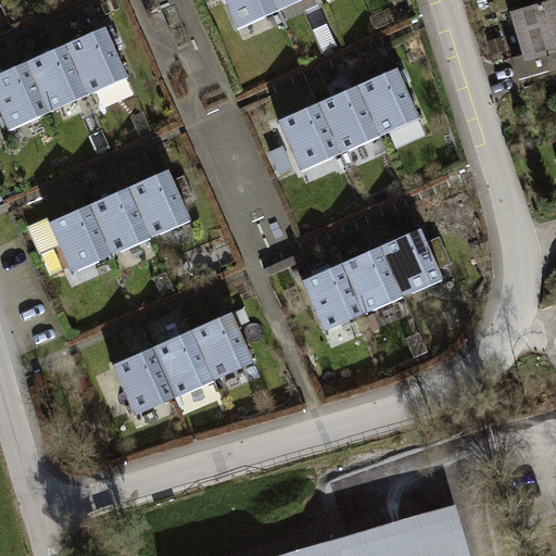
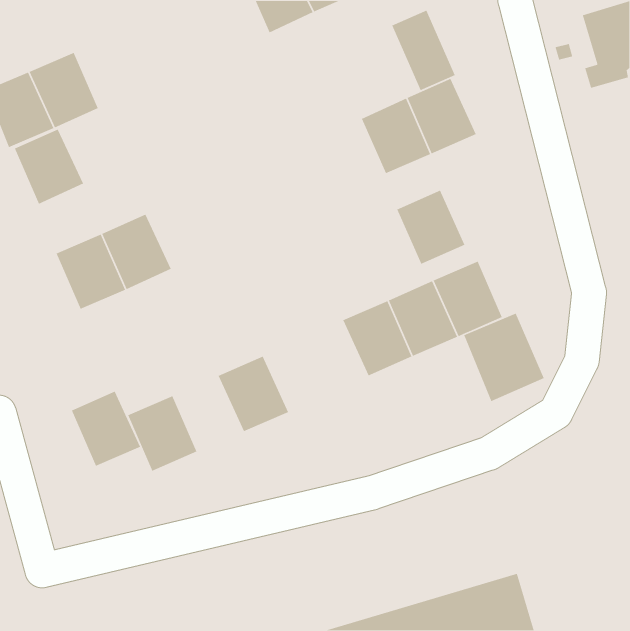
building: none -> [391,9,456,91]
building: [65,28,127,96] -> [14,128,84,205]
building: [278,104,339,170] -> [396,190,465,265]
building: [128,170,190,237] -> none
building: none -> [463,312,545,402]
building: [152,330,214,397] -> [71,390,141,467]

